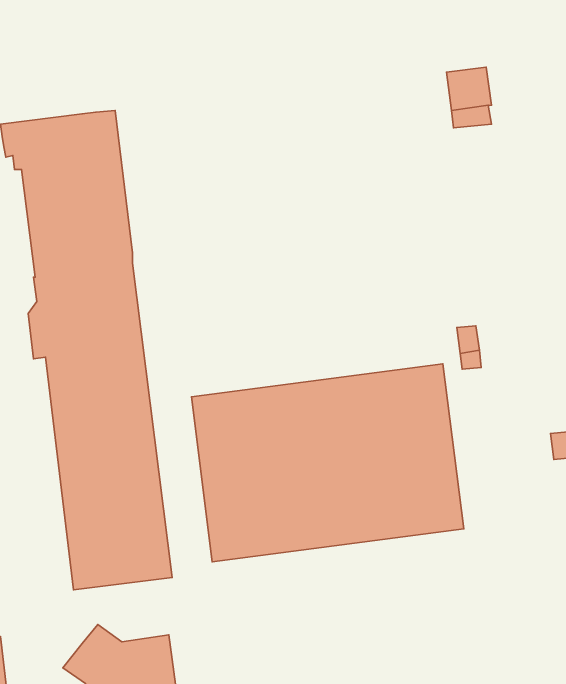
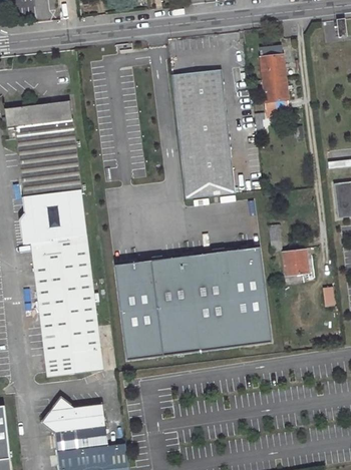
building: none -> [260,44,286,78]
building: none -> [171,69,235,198]
building: none -> [284,249,309,275]

